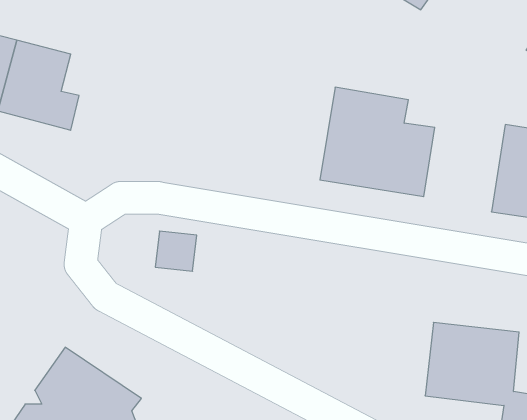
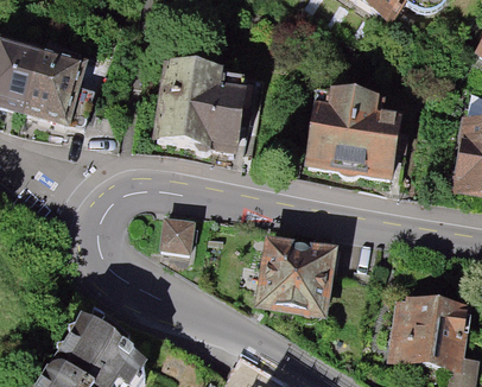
building: none -> [152,64,252,157]
building: none -> [264,235,338,305]

